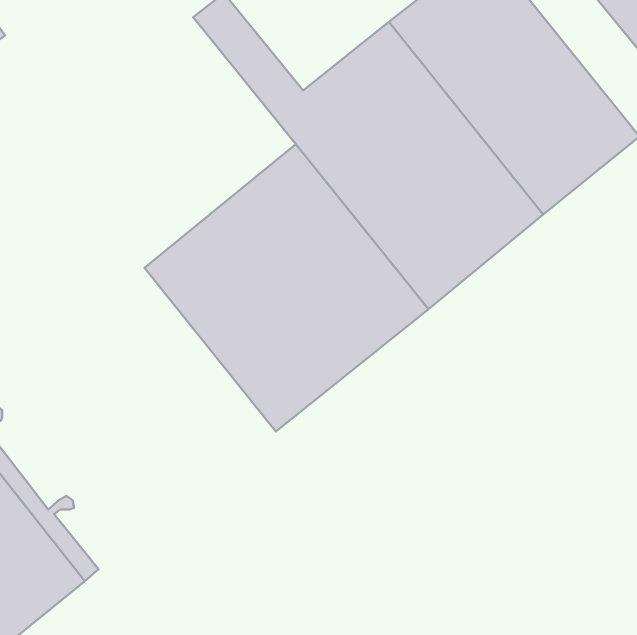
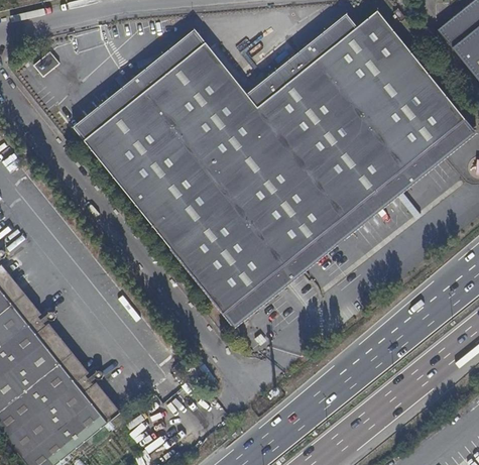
building: none -> [77,50,245,216]

